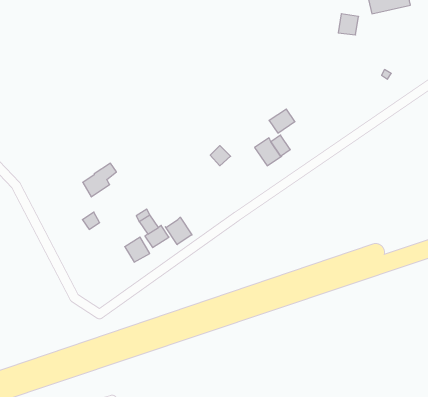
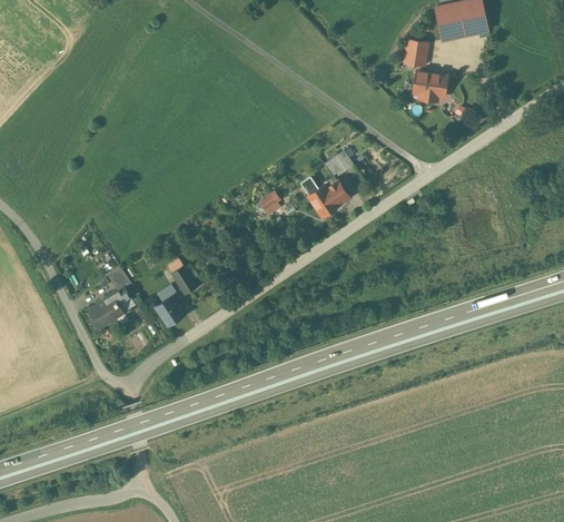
building: none -> [413,70,447,100]
building: [83,163,116,197] -> [90,288,129,327]
building: [165,217,192,245] -> none

